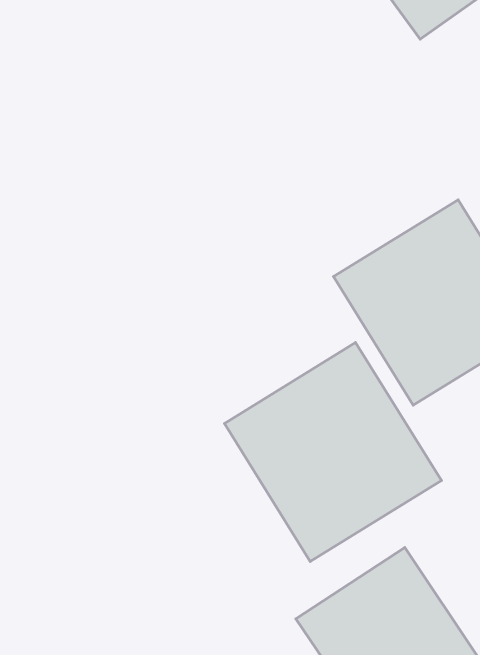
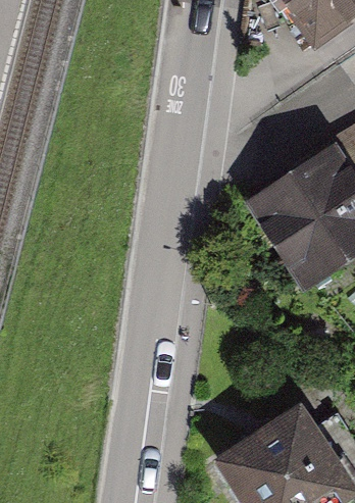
building: [224,342,441,562] -> none

